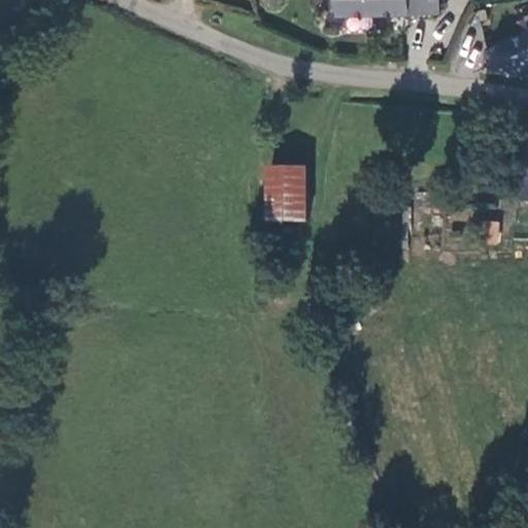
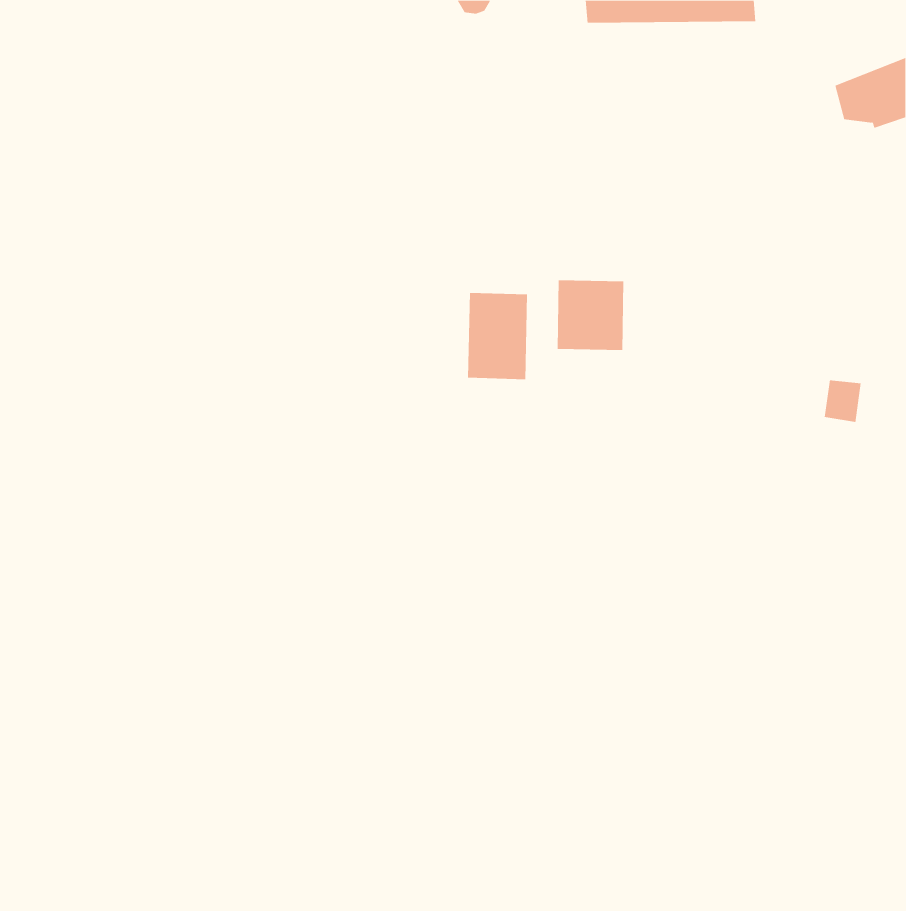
building: none -> [557,279,624,351]

